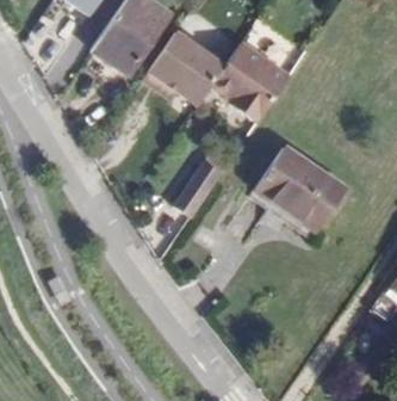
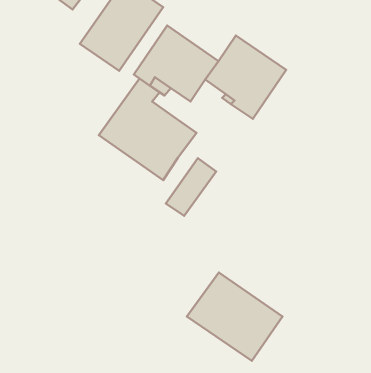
building: none -> [99,79,196,180]
building: [255,146,348,232] -> [187,272,283,361]

